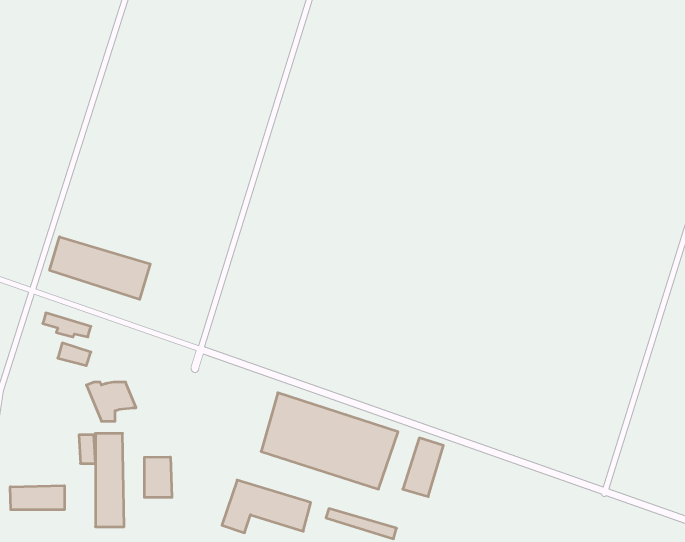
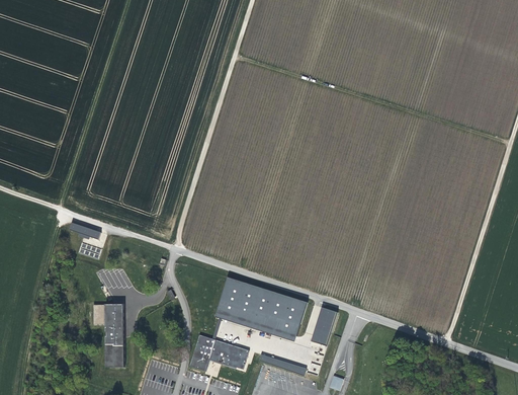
building: [50,237,150,299] -> none
building: [144,457,172,497] -> none
building: [10,486,64,510] -> none

